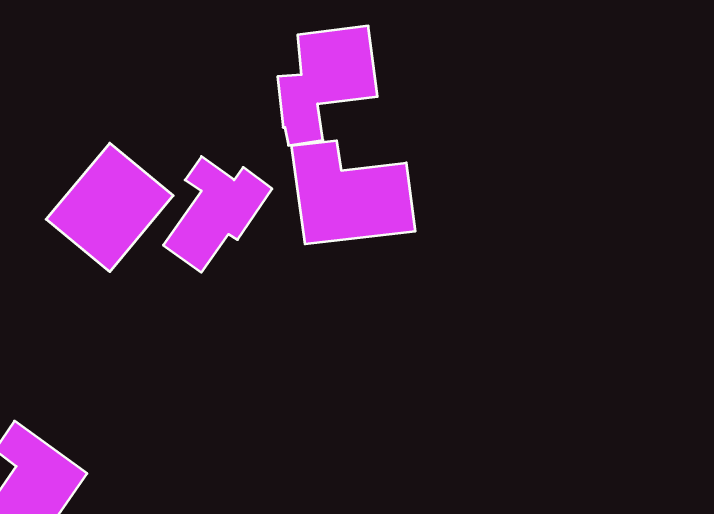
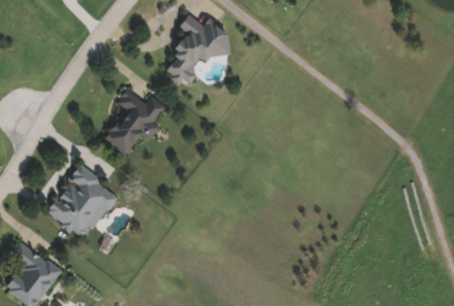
building: [292,141,415,244] -> none
building: [46,143,173,272] -> [45,166,117,239]

